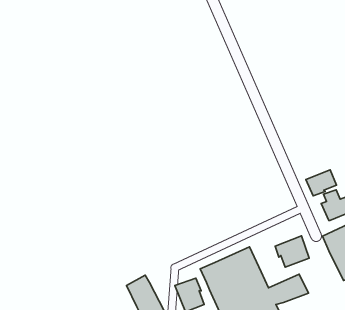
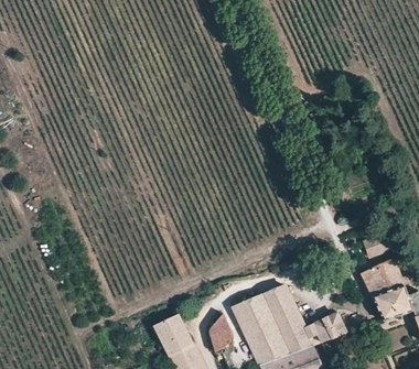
building: [306,170,336,196] -> none
building: [275,236,309,267] -> none

